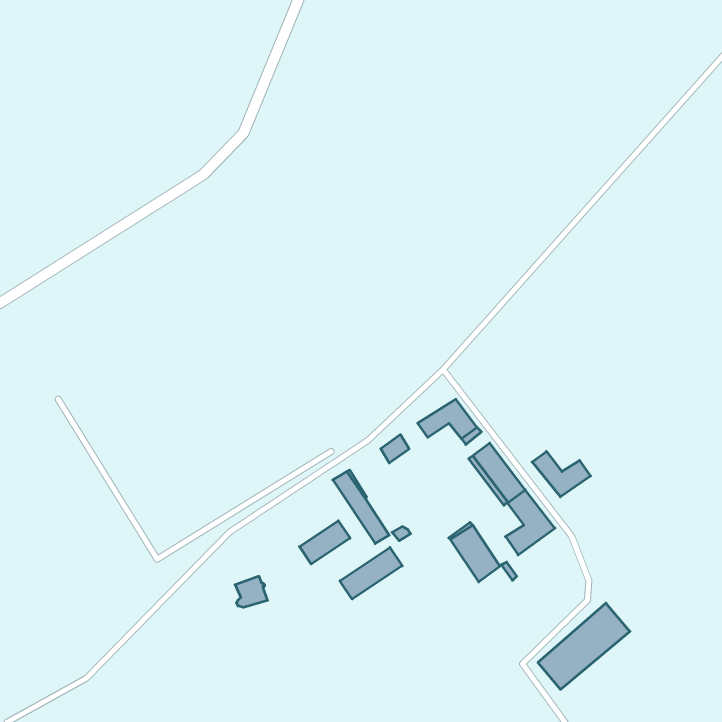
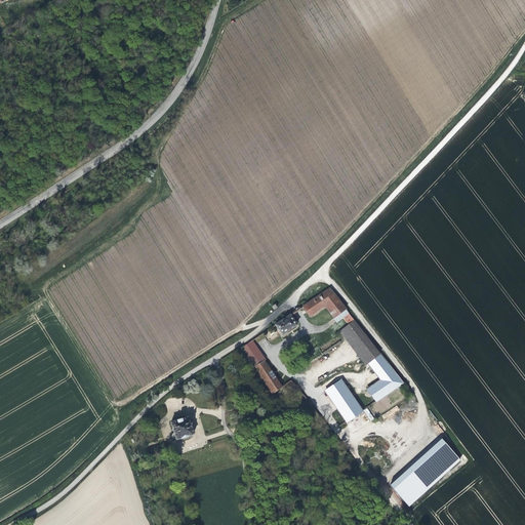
building: [532,451,591,497] -> none
building: [299,521,350,564] -> none
building: [340,547,402,599] -> none

